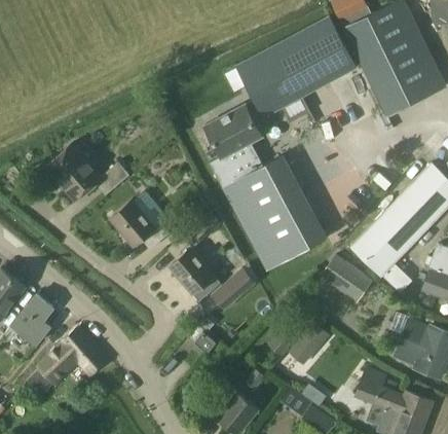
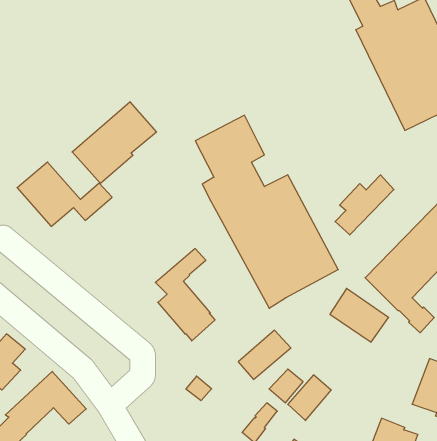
building: [235,14,358,118] -> none
building: none -> [72,102,156,184]
building: none -> [335,175,394,235]
building: [110,201,167,248] -> none
building: [211,267,257,311] -> [238,330,291,379]

